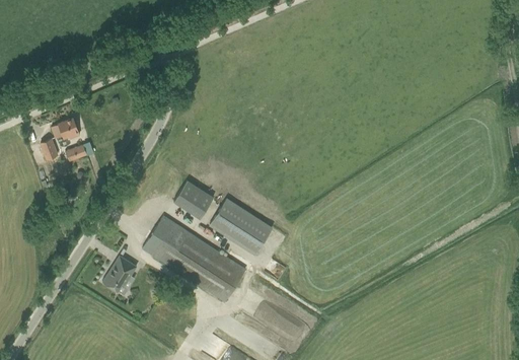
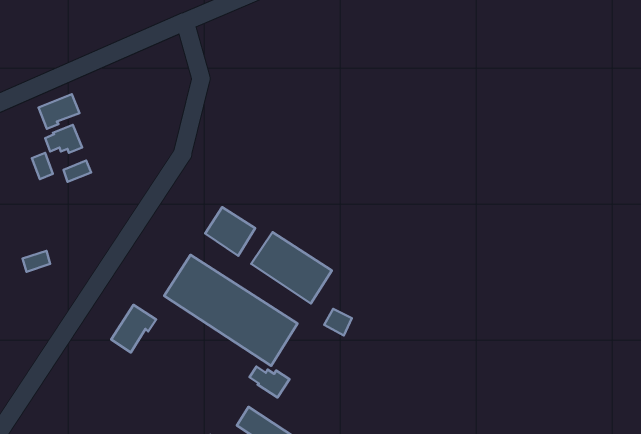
building: none -> [39,94,80,129]
building: none -> [250,367,289,397]

